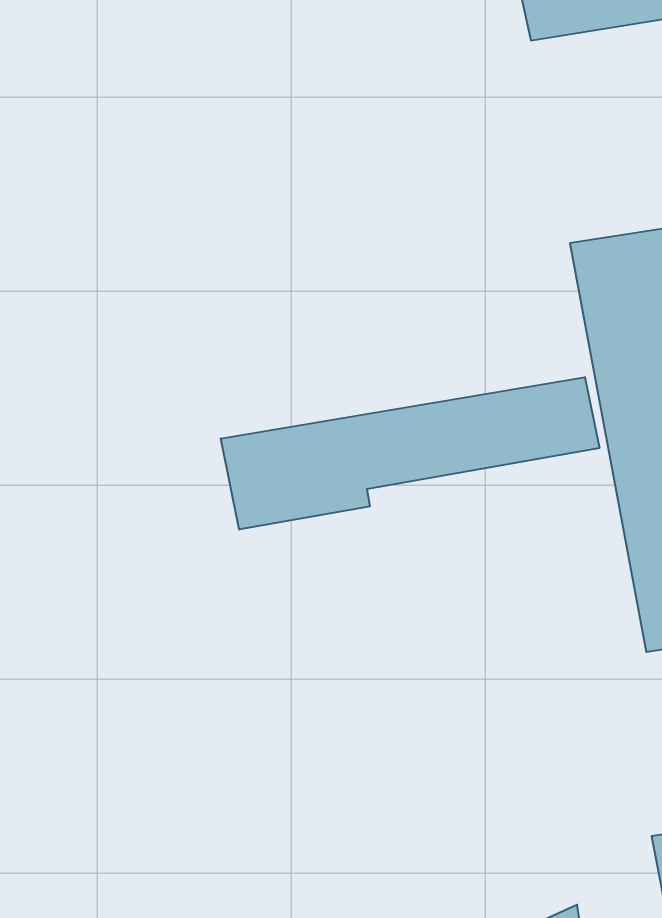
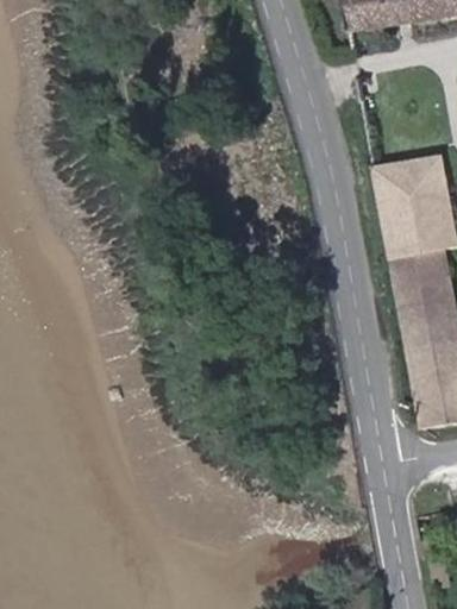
building: [221,377,599,530] -> none

